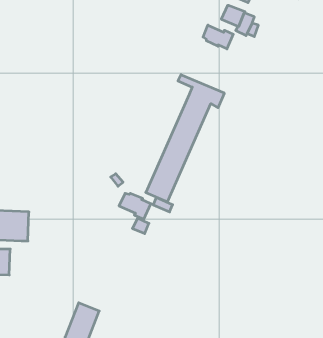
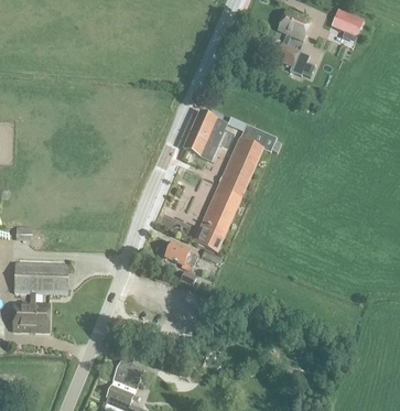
building: [203,25,233,49] -> none
building: none -> [182,111,227,162]

